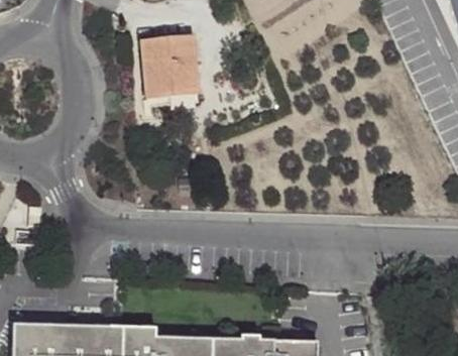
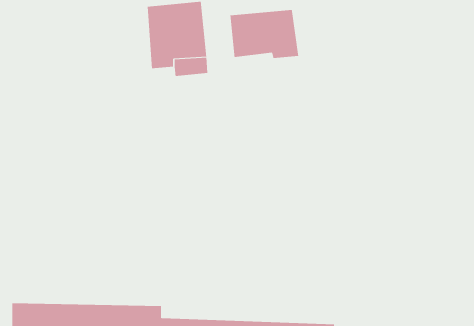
building: none -> [230,9,299,59]

